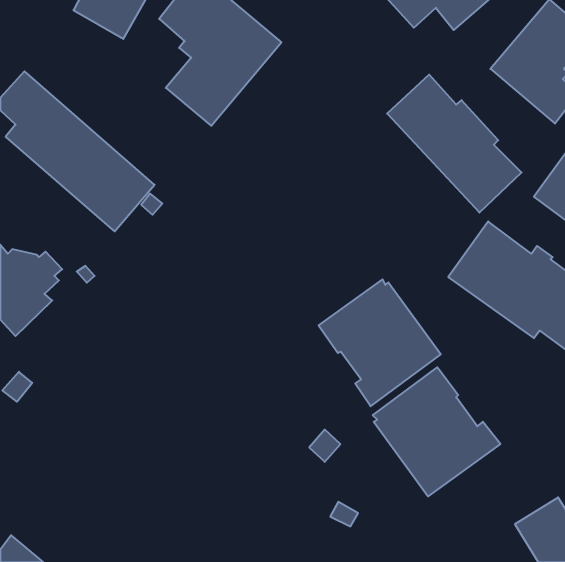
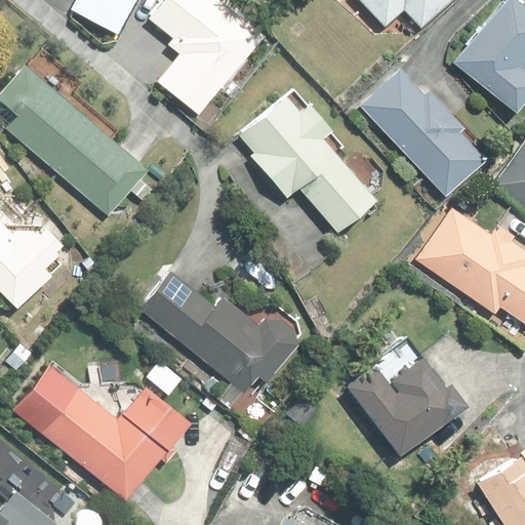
building: none -> [240,97,377,236]
building: [319,279,441,406] -> none
building: none -> [142,272,296,392]
building: none -> [15,367,187,501]

